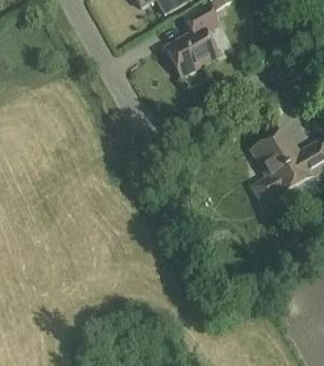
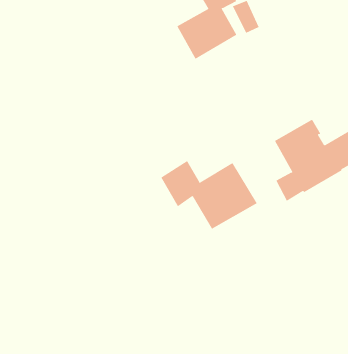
building: none -> [161,160,257,230]

